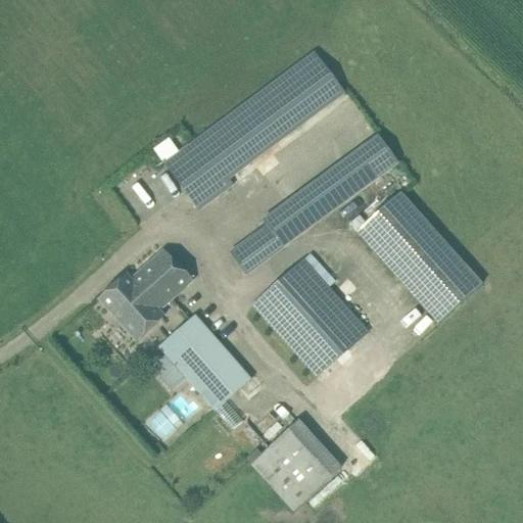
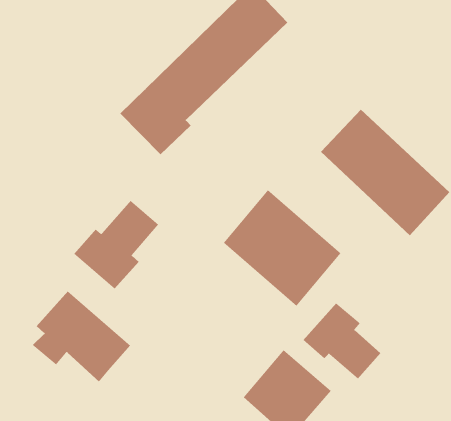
building: [231,133,405,267] -> none
building: [152,314,251,410] -> [32,291,131,382]
building: none -> [302,302,381,380]

